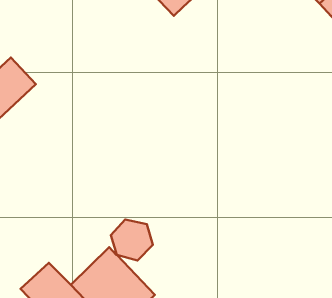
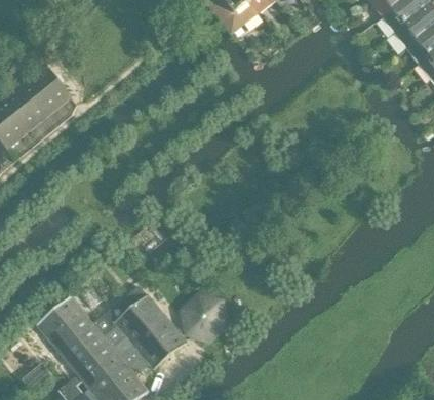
building: [111,219,153,261] -> [183,295,229,343]

